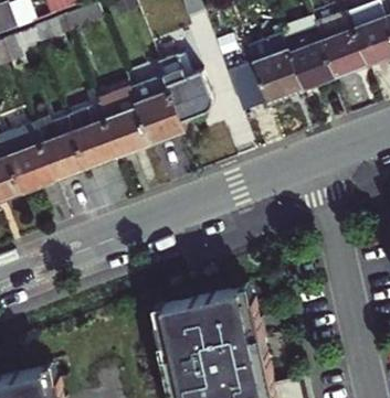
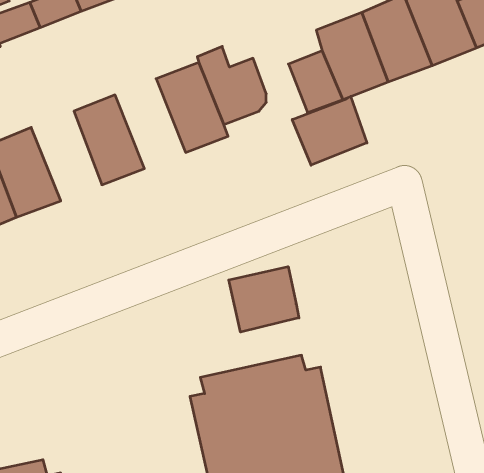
building: [99,84,152,151] -> none
building: none -> [292,96,367,165]
building: [36,108,89,175] -> none
building: none -> [229,267,299,332]

